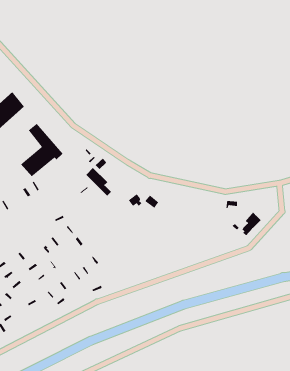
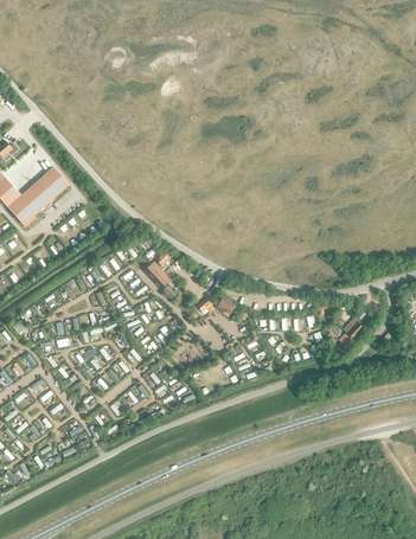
building: [20,123,63,177] -> none

